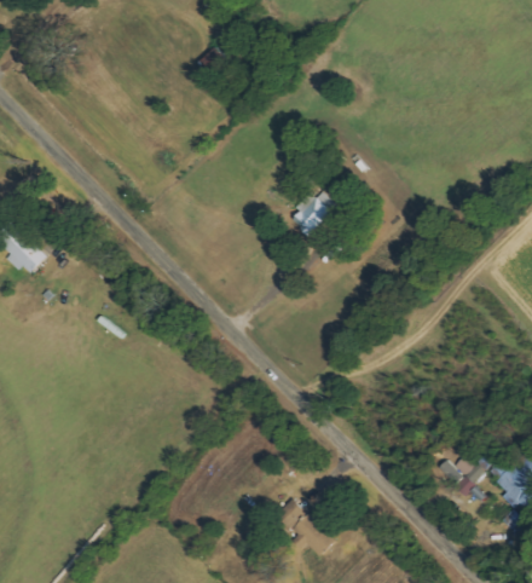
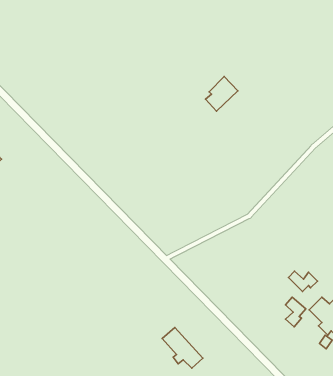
building: [291,187,337,237] -> [206,76,238,111]
building: none -> [288,271,317,291]

